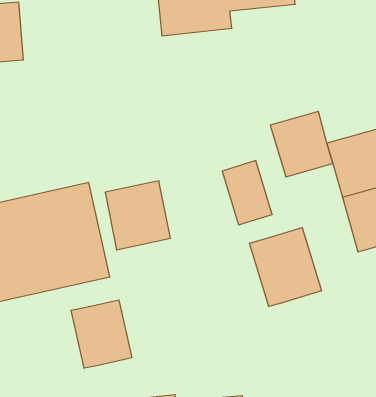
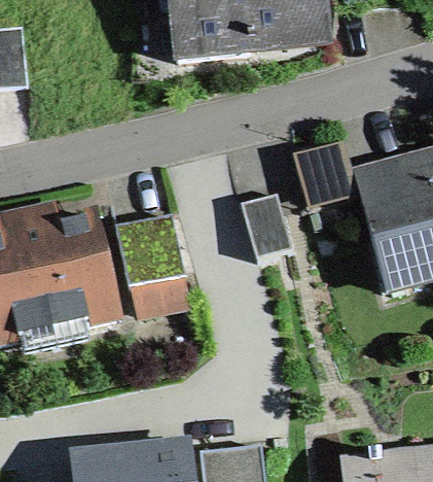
building: [249,228,321,307] -> none
building: [71,300,132,368] -> none

